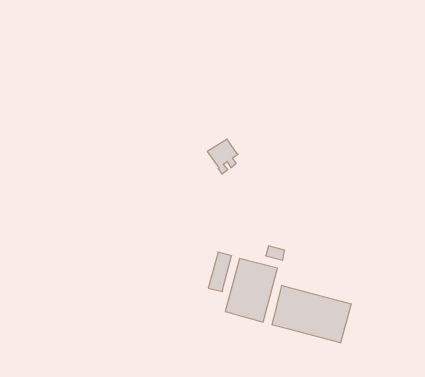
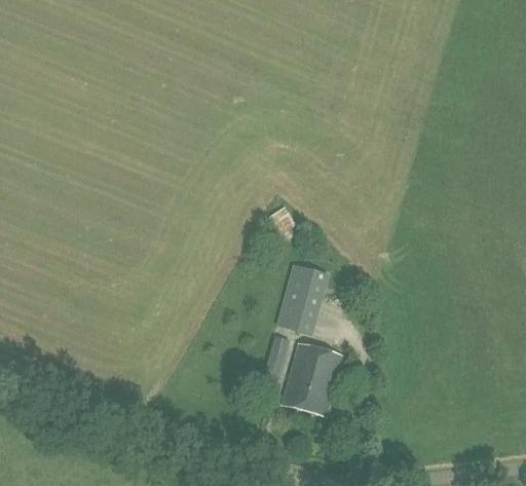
building: none -> [274,263,329,335]
building: [272,285,351,343] -> none

